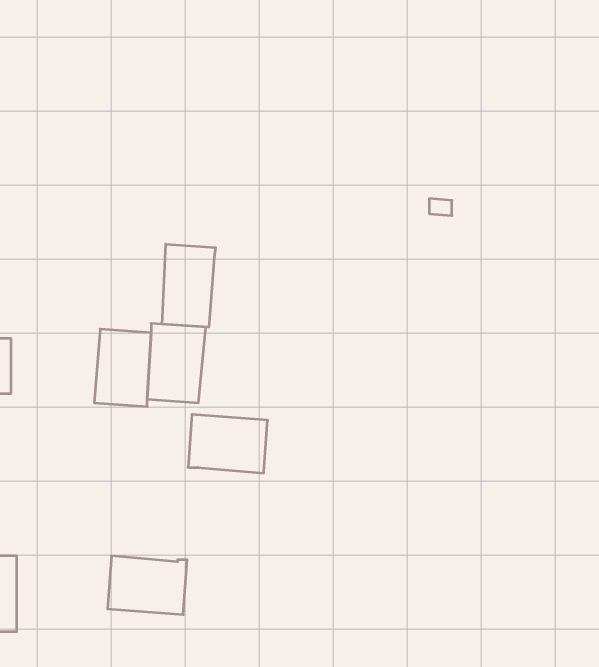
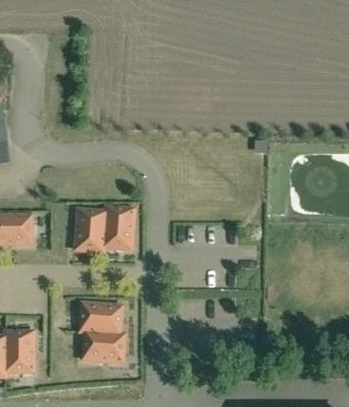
building: [162,244,216,327] -> none
building: [188,414,268,473] -> [80,303,122,334]

